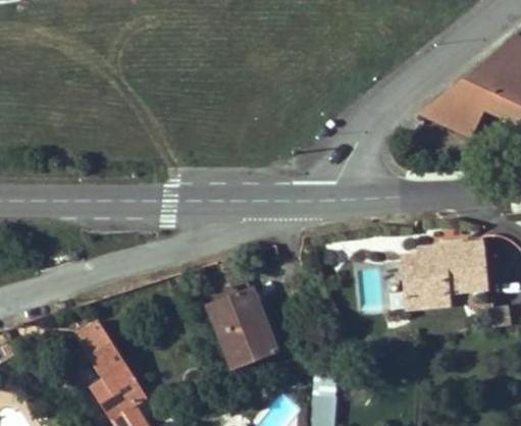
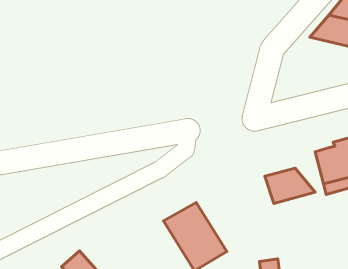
building: none -> [265,168,315,203]

